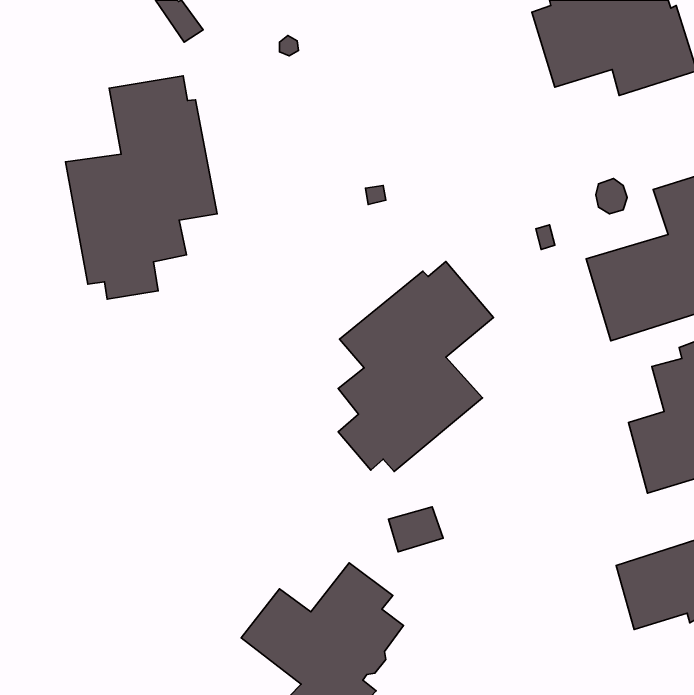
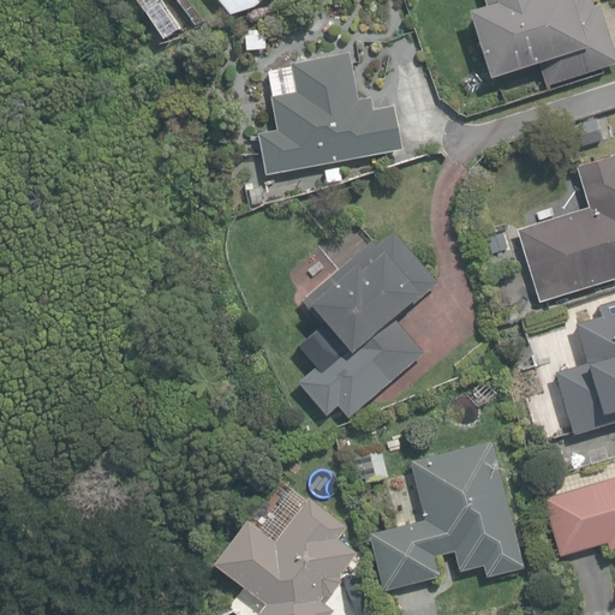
building: none -> [258,52,404,174]
building: [65,76,217,299] -> none
building: none -> [360,438,521,589]

